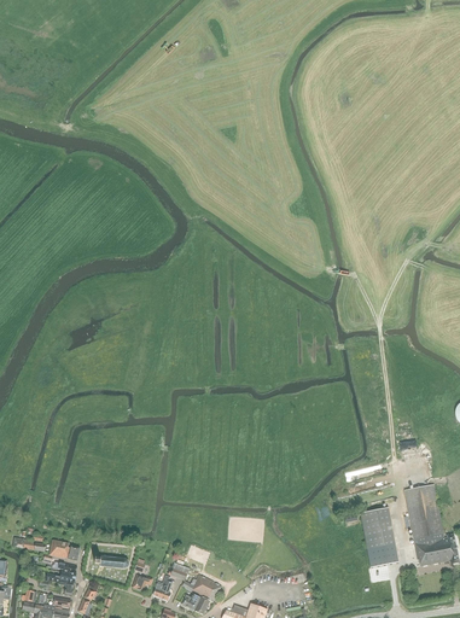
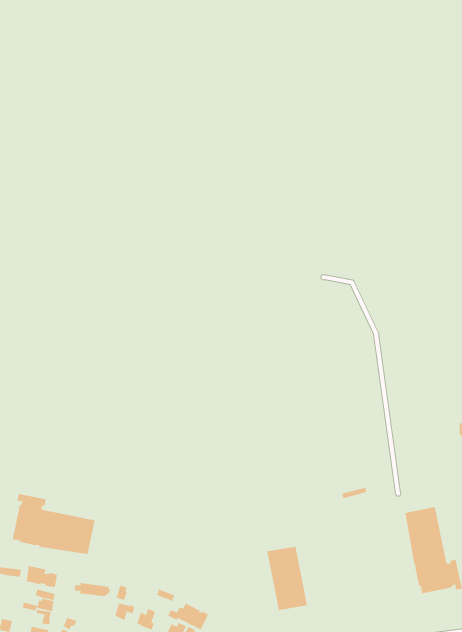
building: none -> [12,493,95,555]
building: [360,507,398,567] -> [267,546,308,610]

